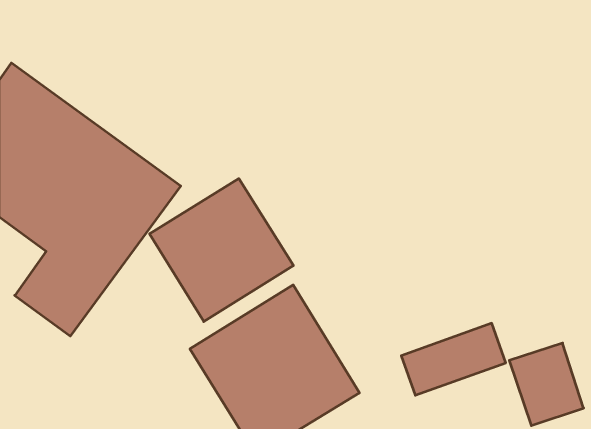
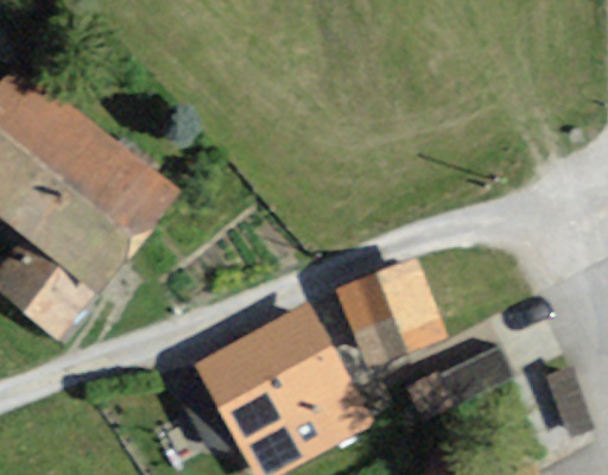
building: [150,179,293,322] -> none
building: none -> [330,266,428,363]

